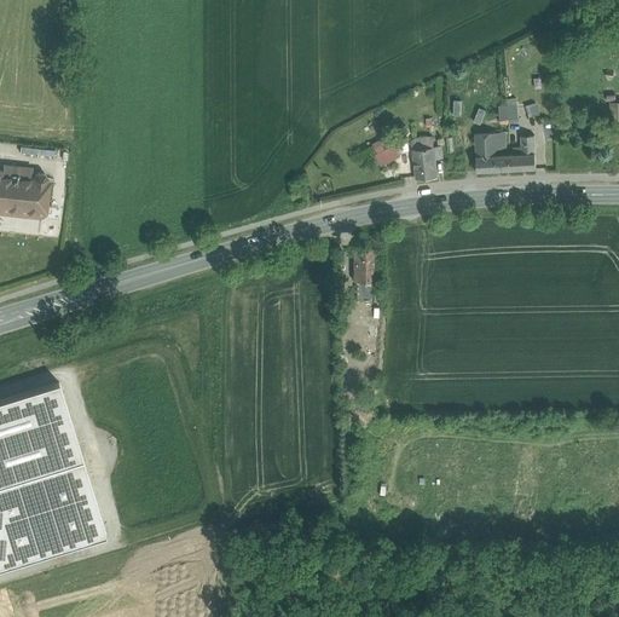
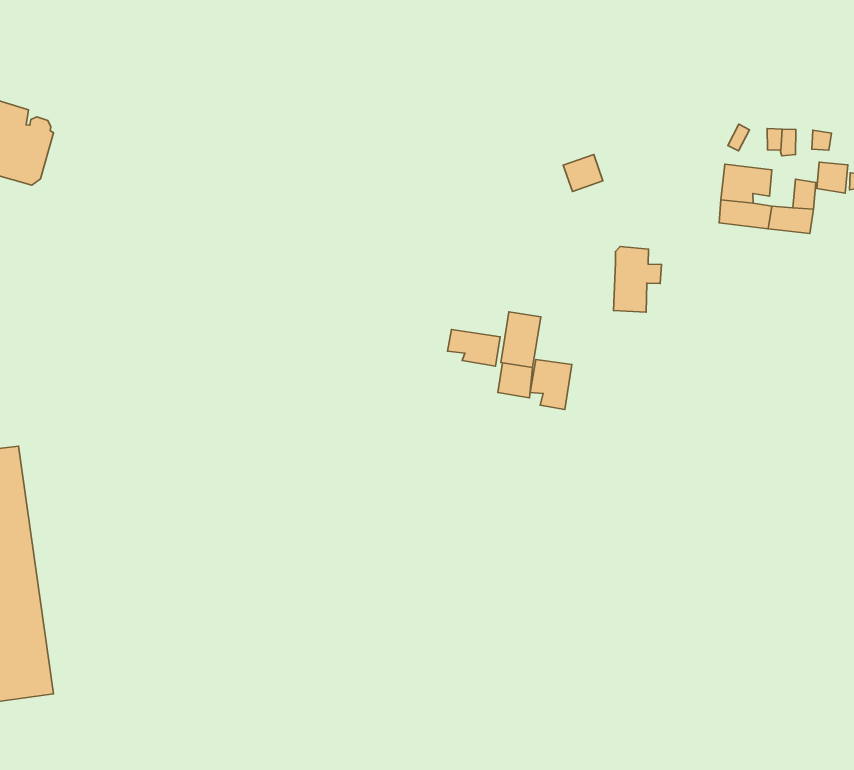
building: [410,138,441,180] -> [614,246,661,312]
building: none -> [447,330,500,366]
building: none -> [530,359,572,409]

